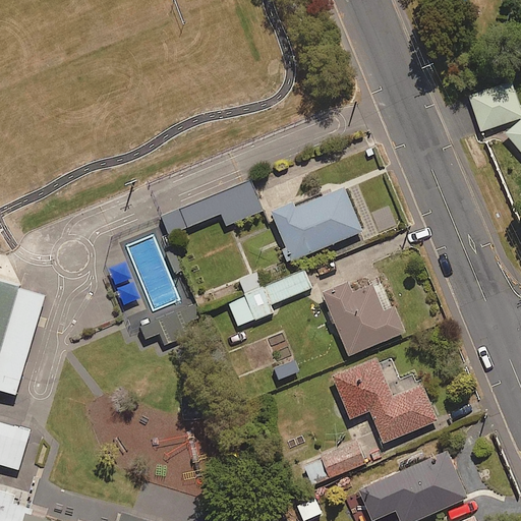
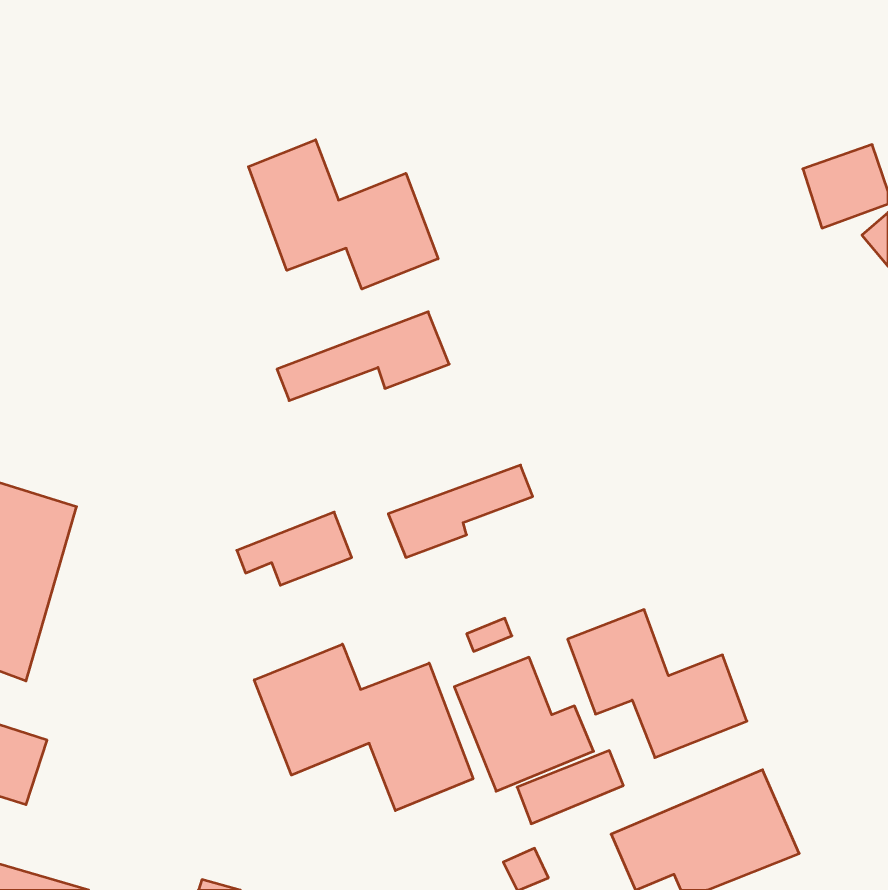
building: none -> [248,140,438,289]
building: [272,186,362,262] -> none
building: [323,278,404,356] -> [454,657,594,791]
building: none -> [254,644,473,811]

